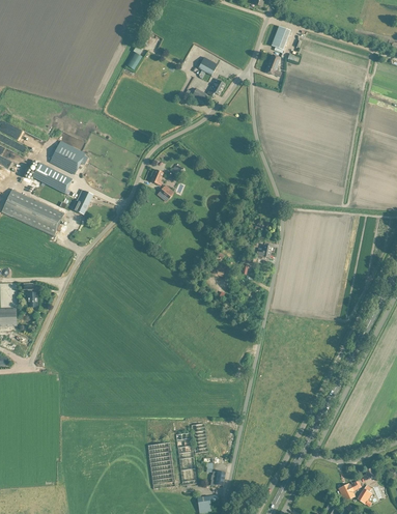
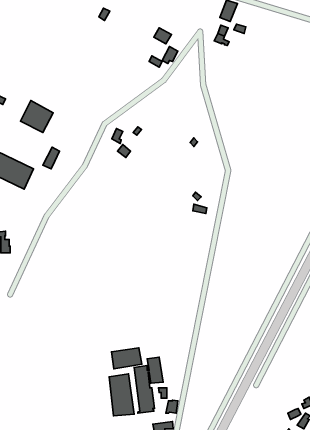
building: [32,162,72,193] -> none
building: none -> [111,348,142,369]

